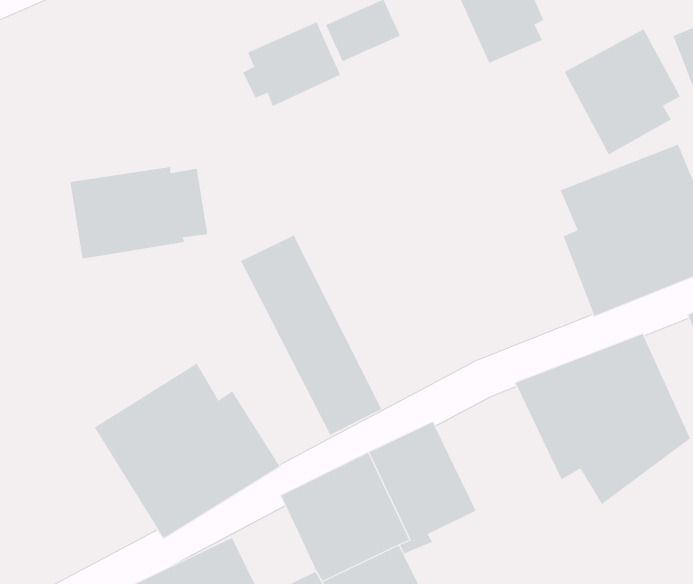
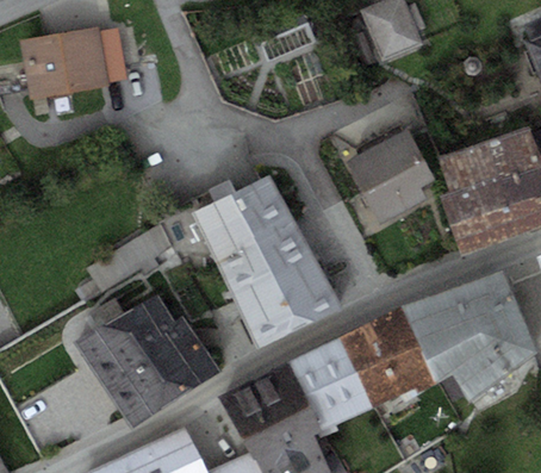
building: [243,21,341,107] -> none
building: [564,29,681,155] -> [346,127,436,225]
building: [69,167,208,259] -> [20,27,128,99]
building: none -> [232,174,341,329]
building: none -> [340,309,439,407]

